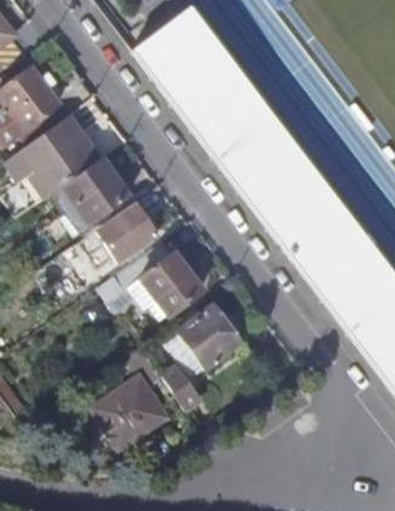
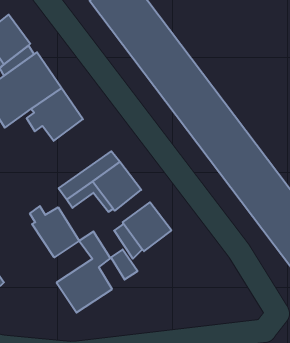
building: [98,201,157,259] -> none
building: none -> [30,206,79,257]

